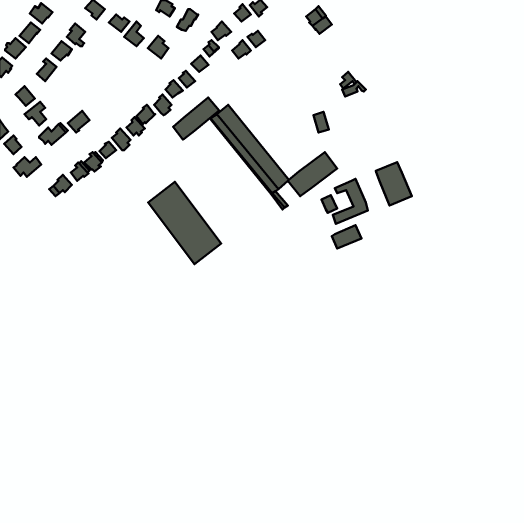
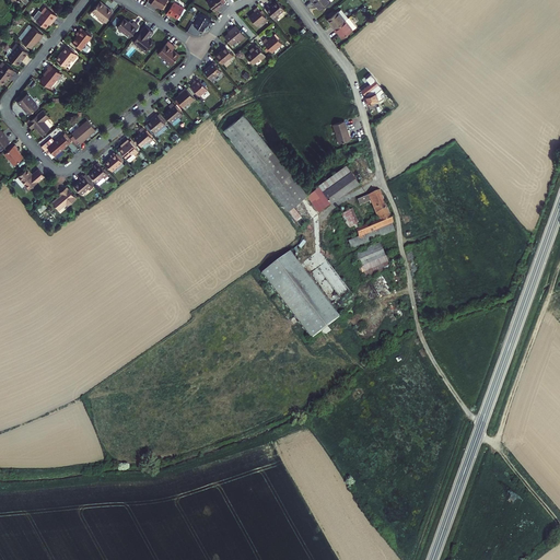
building: [173,97,219,140] -> none
building: [376,162,412,205] -> none
building: [148,182,221,264] -> [261,252,339,339]

